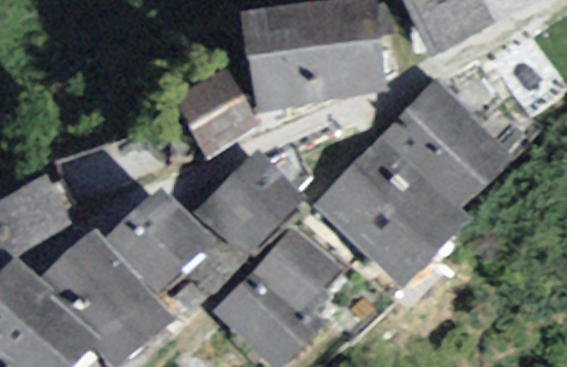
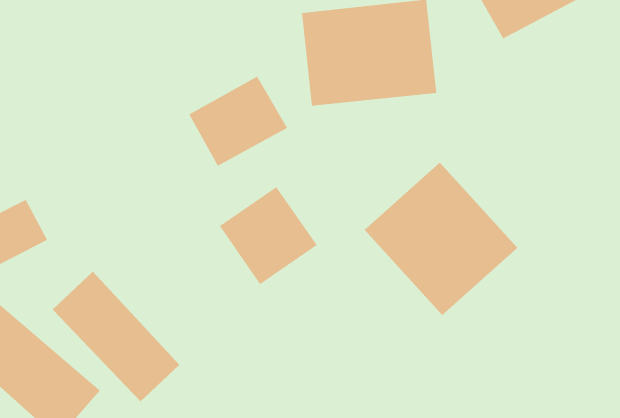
building: [392,78,508,200] -> none
building: [122,200,213,292] -> none
building: [227,236,341,354] -> none

